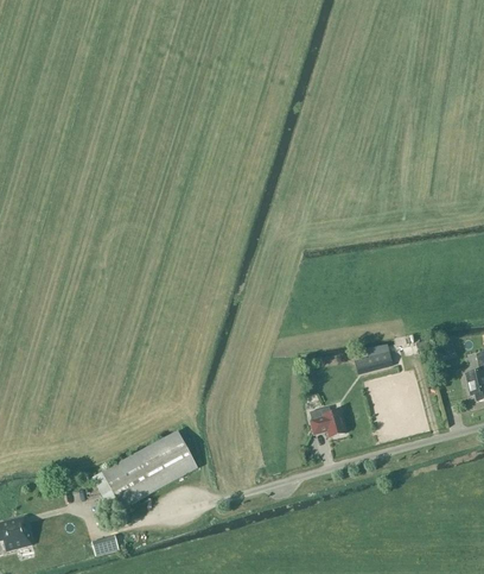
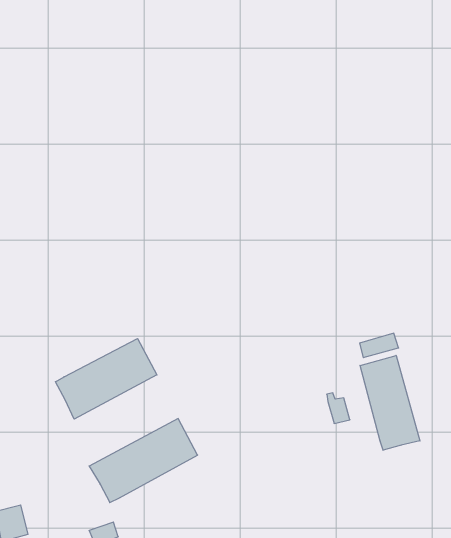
building: none -> [55,339,157,419]
building: none -> [360,355,420,450]

